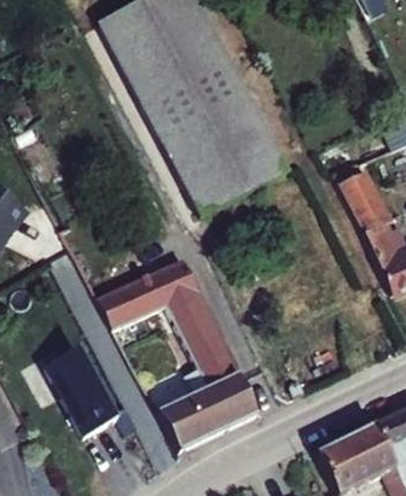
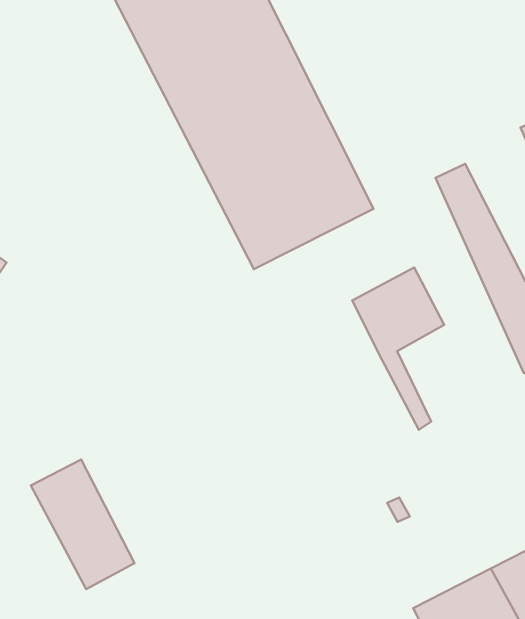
building: none -> [352,267,444,430]
building: [64,221,265,457] -> none

